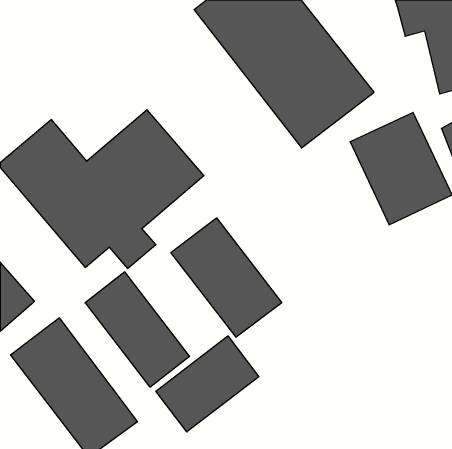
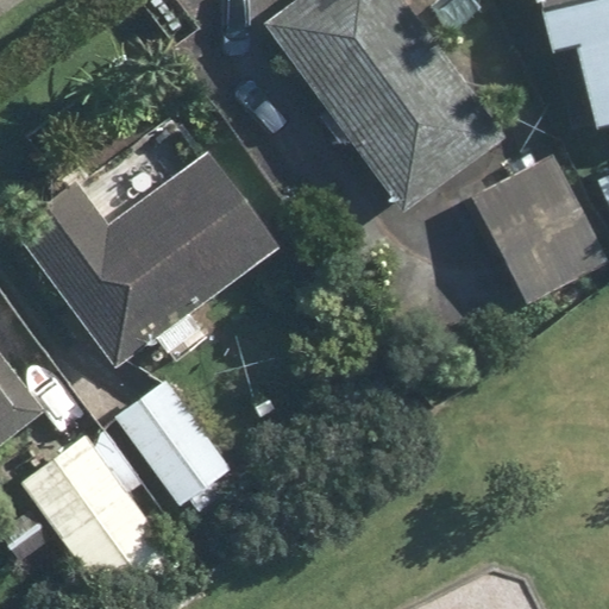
building: [171,218,282,337] -> none
building: [156,336,259,432] -> none

